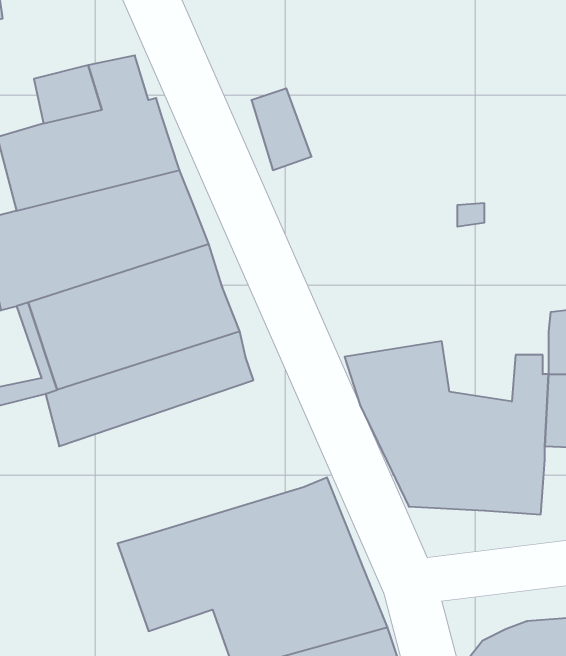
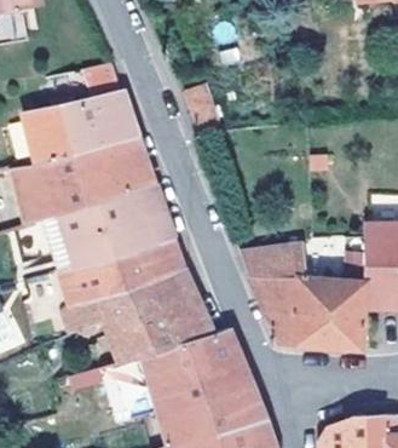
building: none -> [63,265,215,361]

